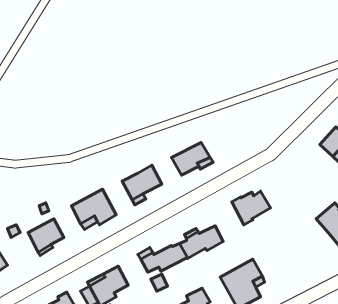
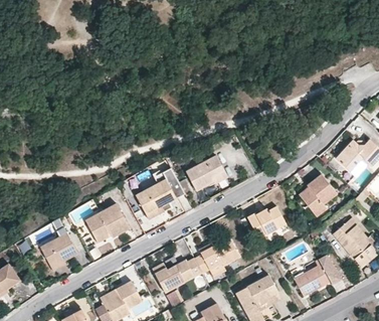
building: none -> [300,174,338,216]
building: none -> [294,264,339,296]

